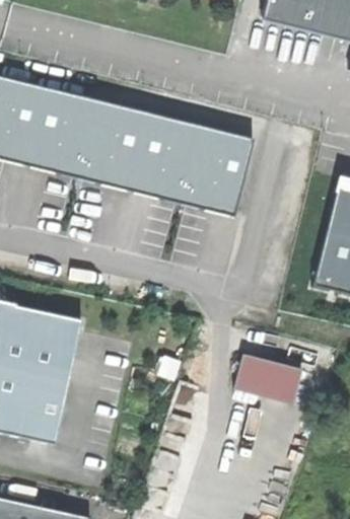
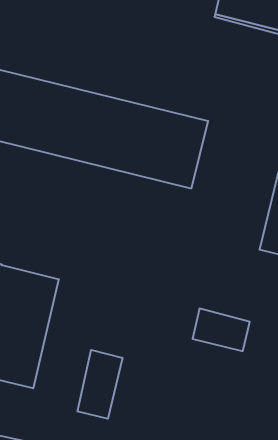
building: none -> [78,350,122,419]

